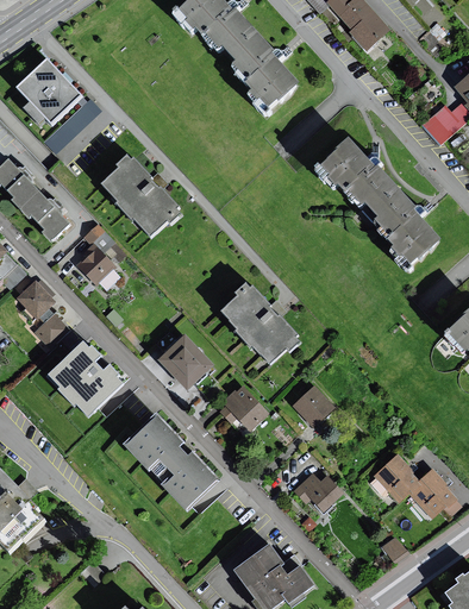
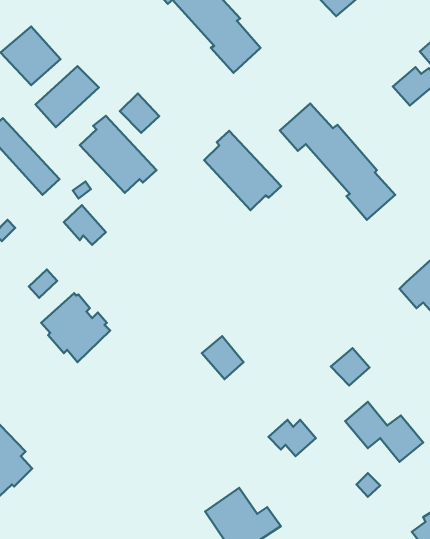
building: none -> [120,93,159,133]
building: [215,278,296,362] -> [204,131,281,210]
building: [19,280,56,315] -> none
building: [158,334,212,388] -> none
building: [295,385,336,425] -> [331,348,369,386]
building: [118,413,213,509] -> none

